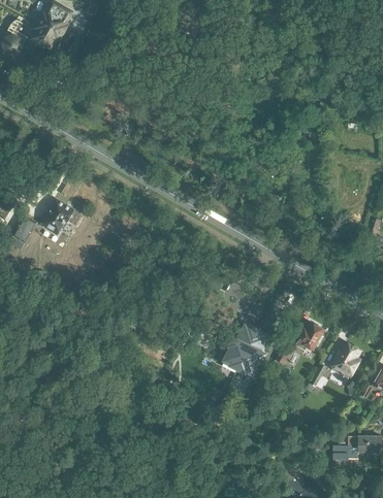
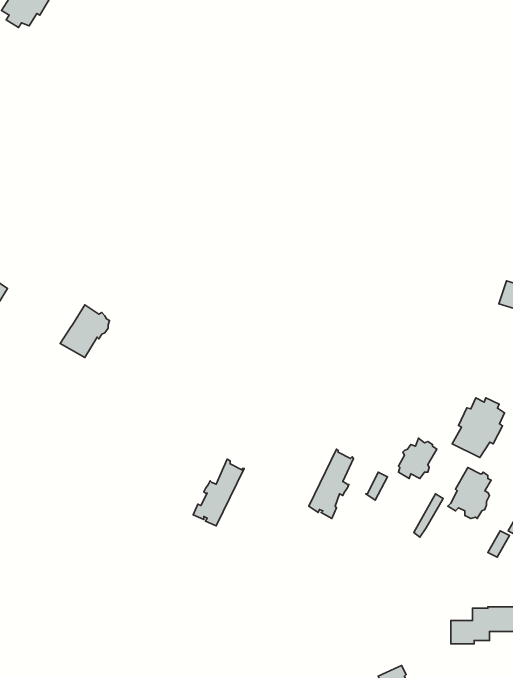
building: [40,200,73,235] -> [60,305,110,357]
building: none -> [452,398,505,458]
building: [223,325,257,369] -> [193,459,244,526]

